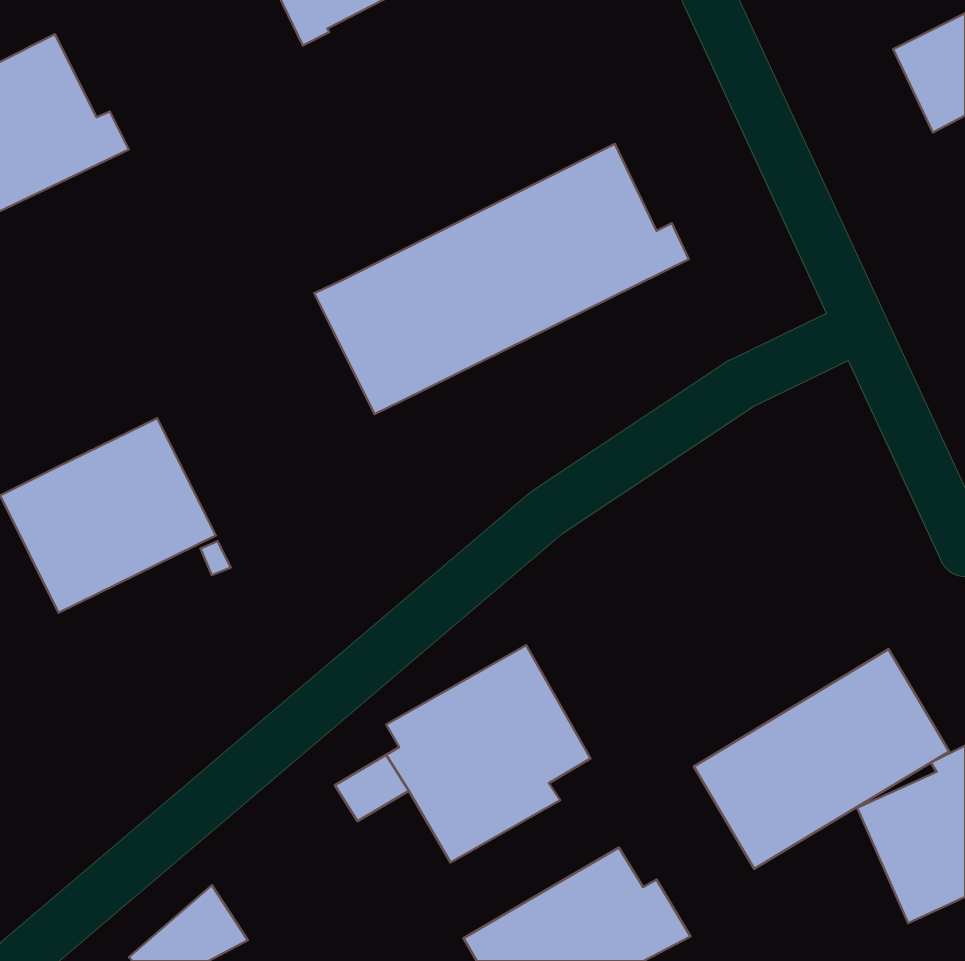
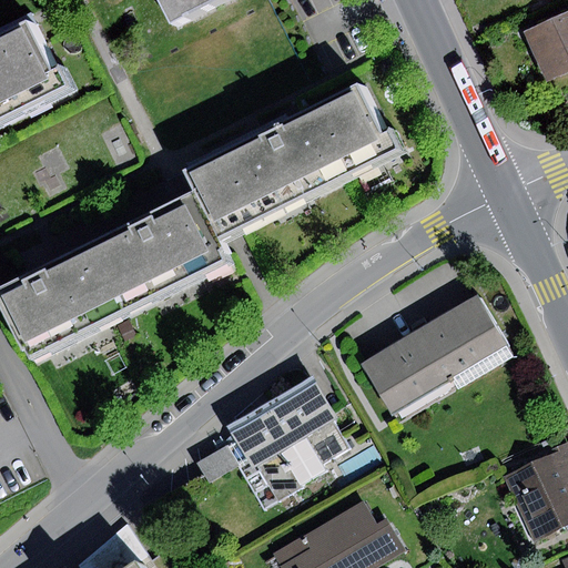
building: none -> [92,194,229,314]
building: [694,649,949,869] -> [362,293,511,422]

